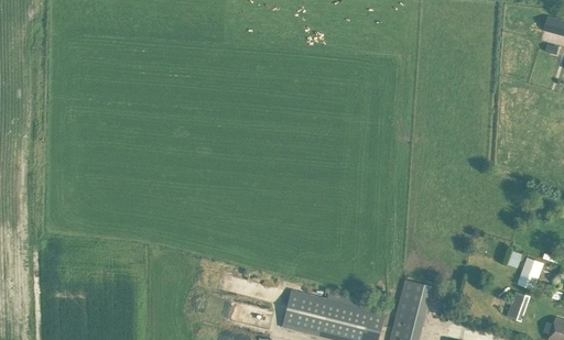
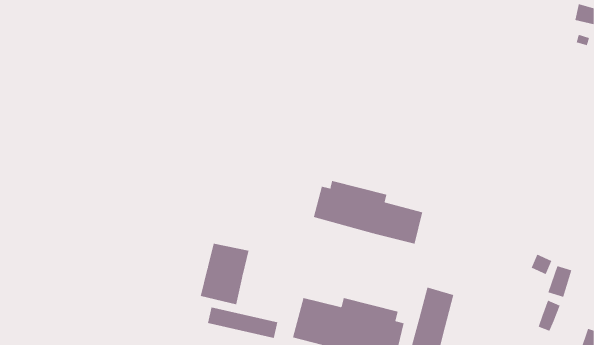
building: none -> [313,180,423,244]
building: none -> [200,243,249,305]

